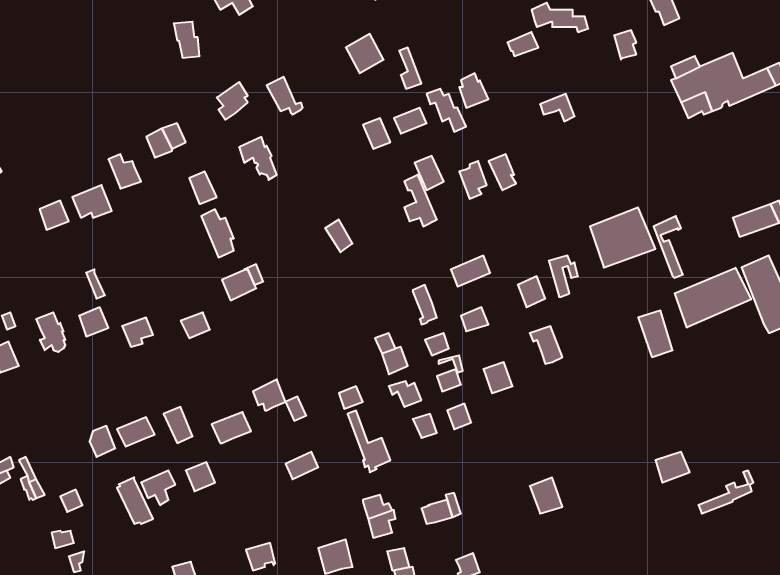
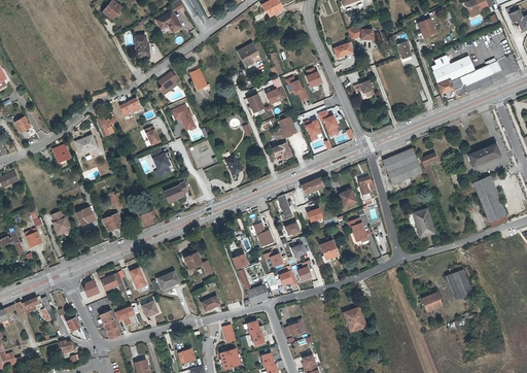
building: [675,268,751,328] -> none
building: none -> [445,269,472,301]

